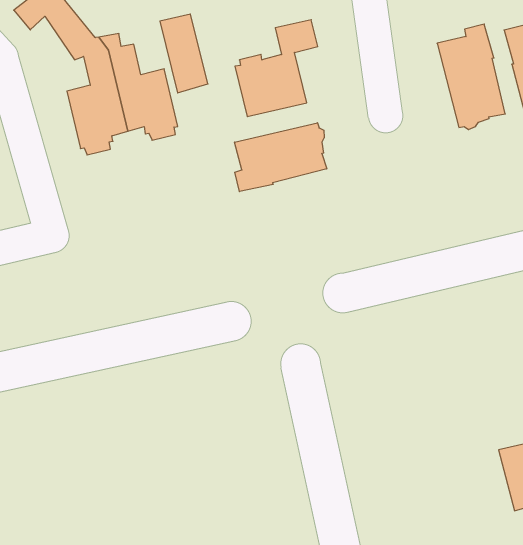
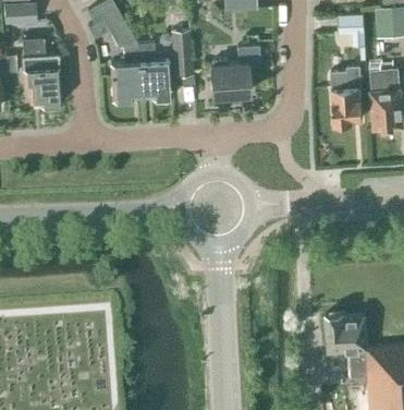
building: [235,123,327,192] -> none

